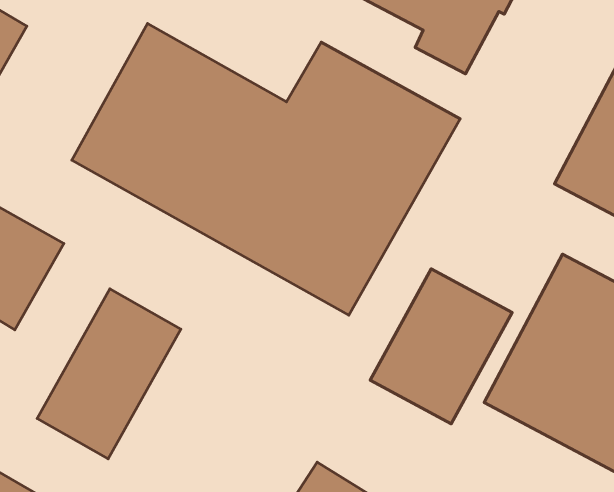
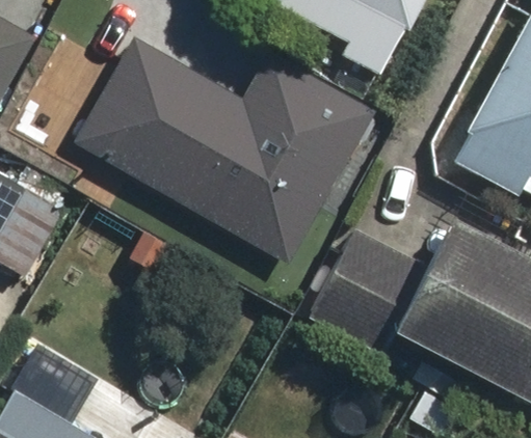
building: [37,289,181,459] -> none

